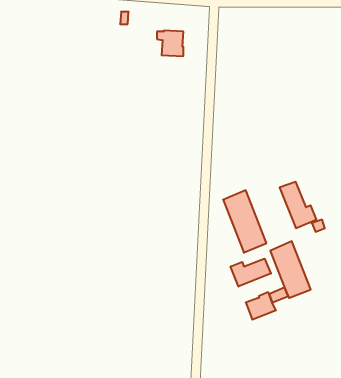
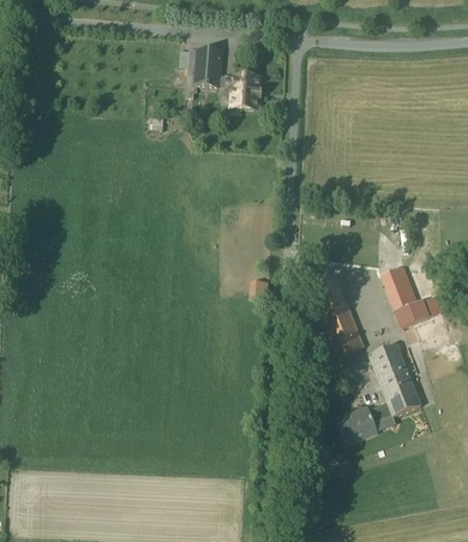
building: none -> [186,48,220,96]
building: [231,259,271,287] -> none

